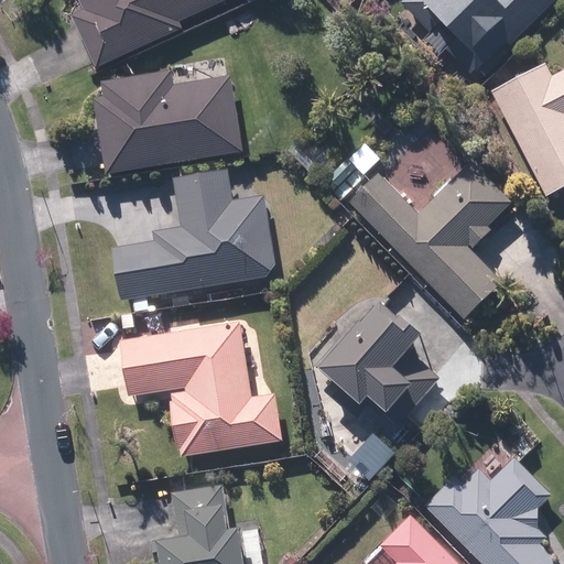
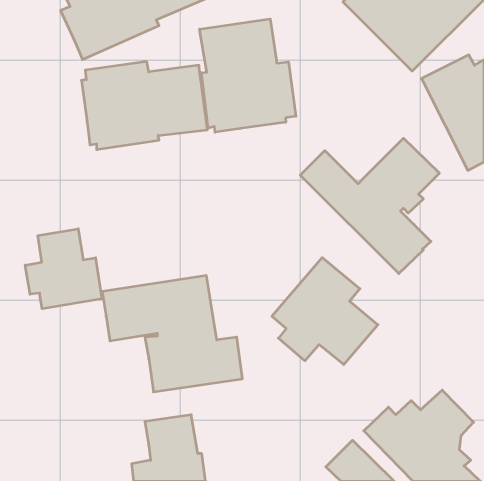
building: none -> [200,19,296,132]
building: [112,167,275,300] -> none
building: none -> [25,229,102,309]

